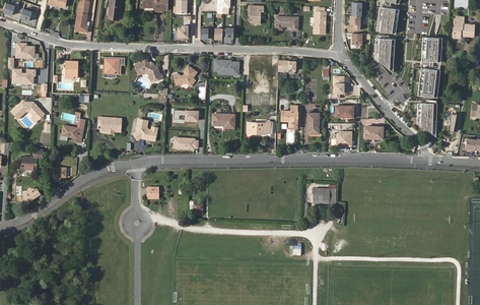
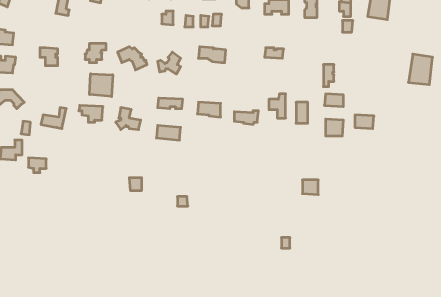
building: [420,37,441,62] -> none
building: [374,38,395,72] -> none
building: none -> [90,74,113,97]
building: [414,102,435,136] -> none

